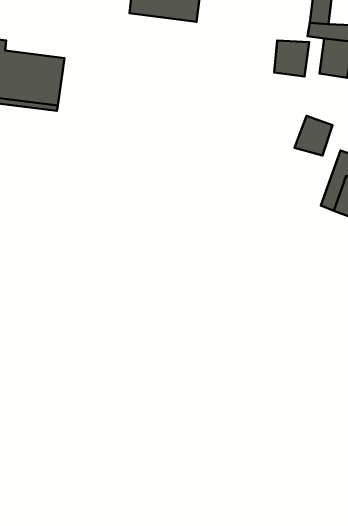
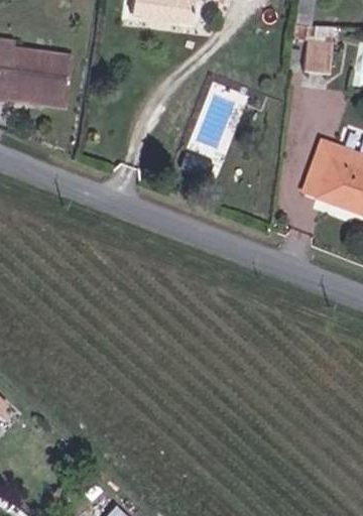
building: [274,41,309,76] -> none
building: [295,116,333,155] -> none

